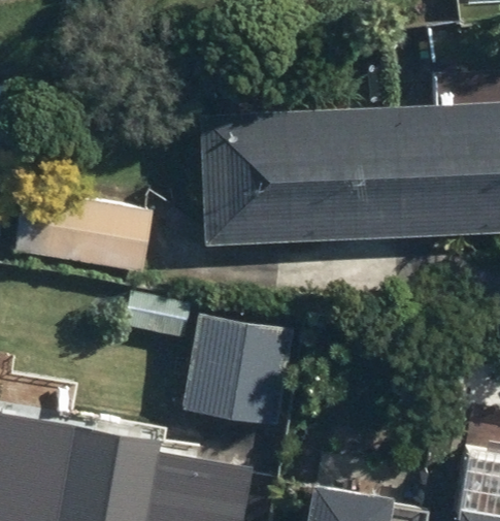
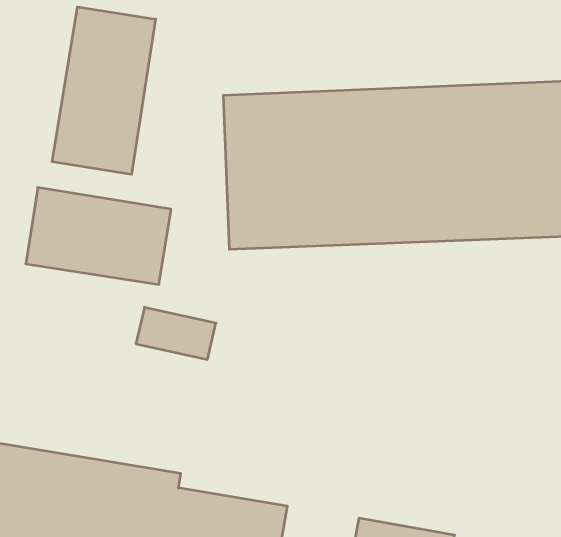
building: none -> [52,7,156,174]
building: [182,313,294,426] -> none

